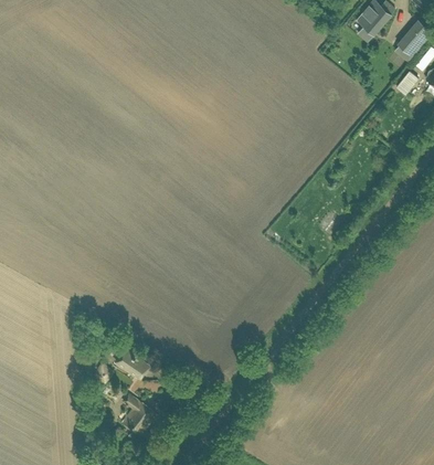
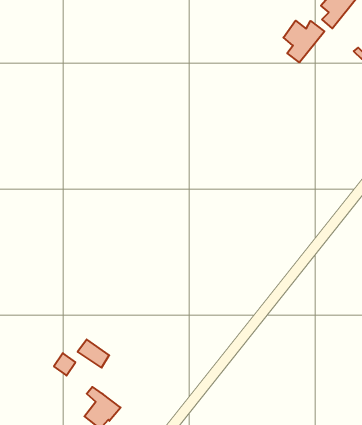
building: none -> [283,21,324,62]

